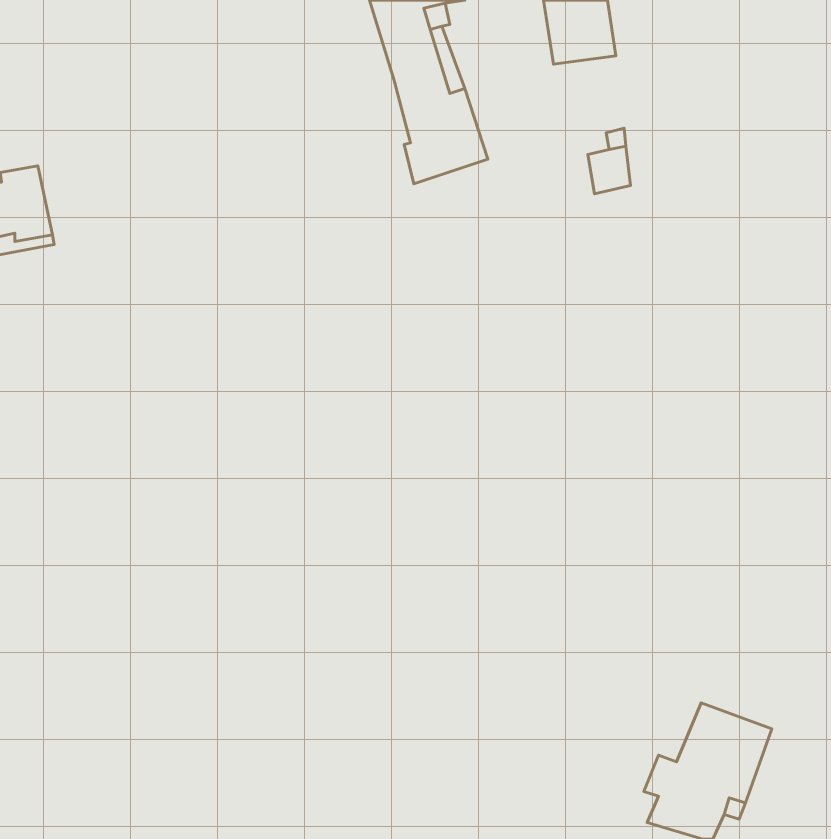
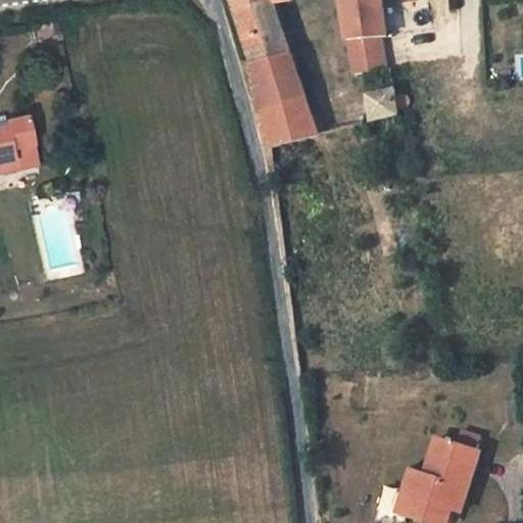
building: none -> [344,35,385,64]
building: none -> [257,99,315,149]

